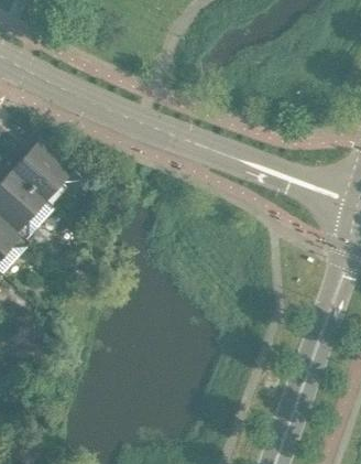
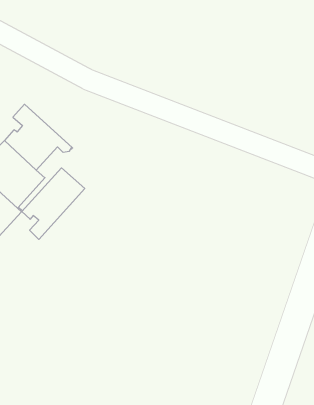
building: none -> [22,168,85,239]

